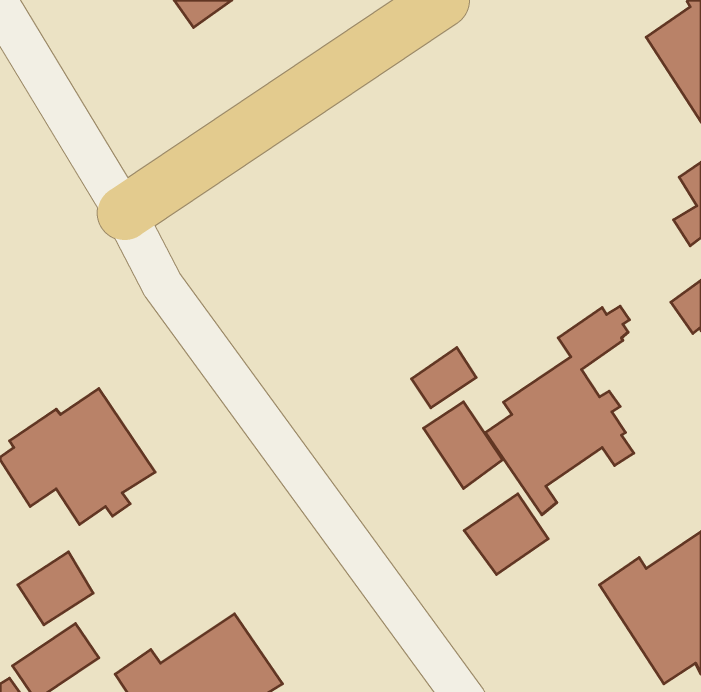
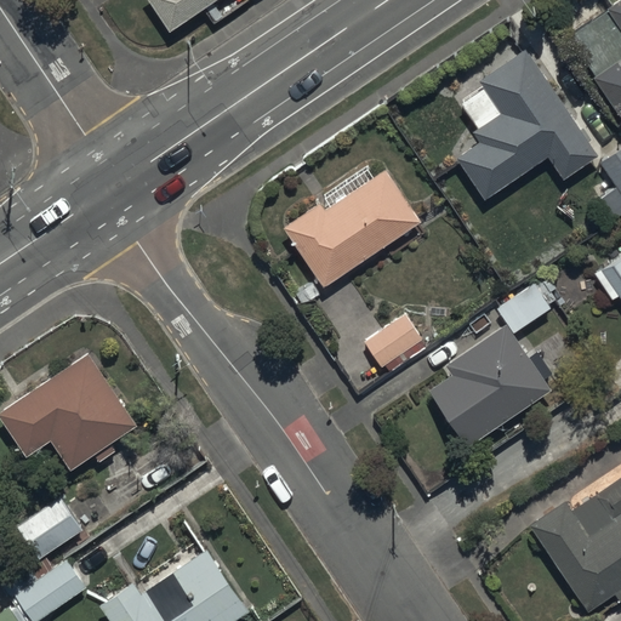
building: none -> [457,50,599,201]
building: none -> [284,169,422,287]
building: [423,402,503,488] -> none
building: [464,494,548,575] -> none

